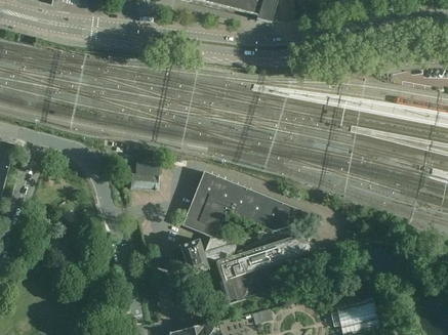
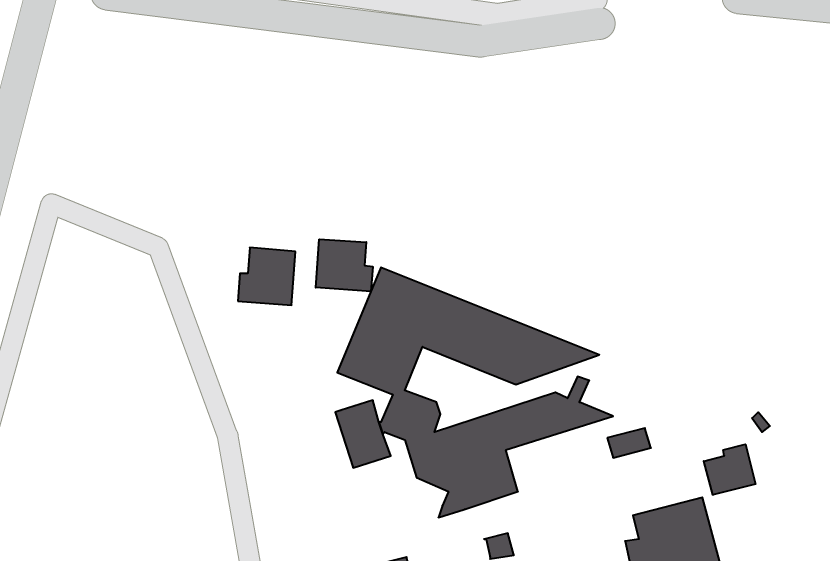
building: none -> [316,239,373,292]
building: none -> [704,444,756,495]

